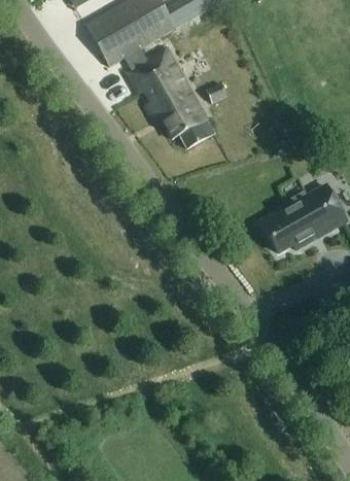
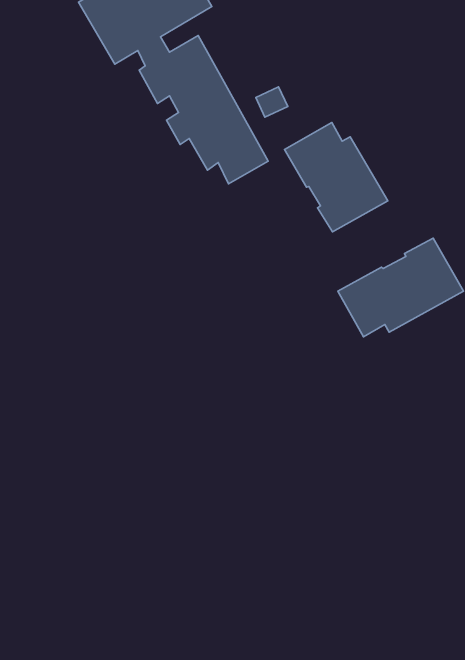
building: none -> [284,123,388,232]

